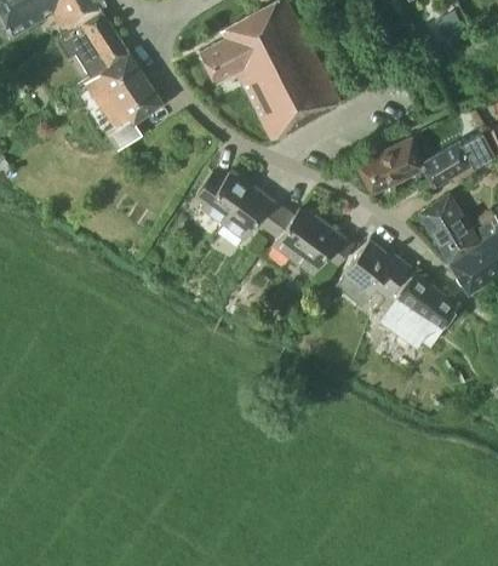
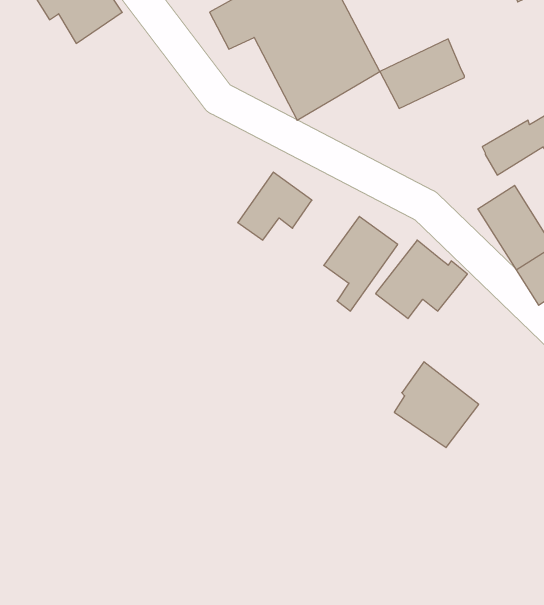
building: [86,52,162,149] -> none
building: [356,137,425,194] -> [380,39,464,108]
building: [196,171,252,224] -> none
building: [268,206,322,259] -> none
building: [390,270,459,341] -> [394,362,479,448]

